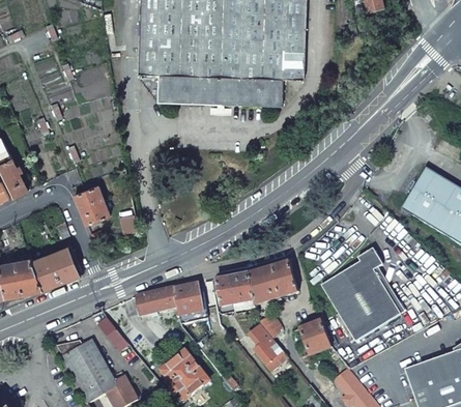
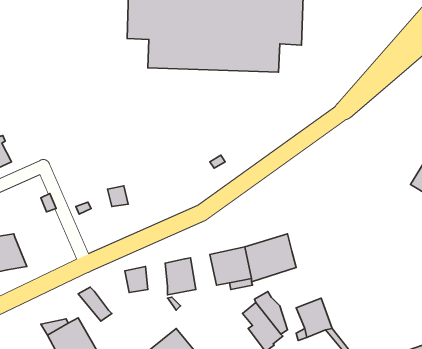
building: [75,184,110,225] -> none
building: [31,245,83,290] -> none
building: [320,250,400,343] -> none
building: [155,287,176,312] -> none

